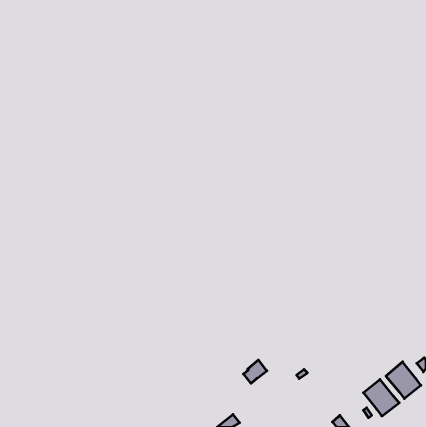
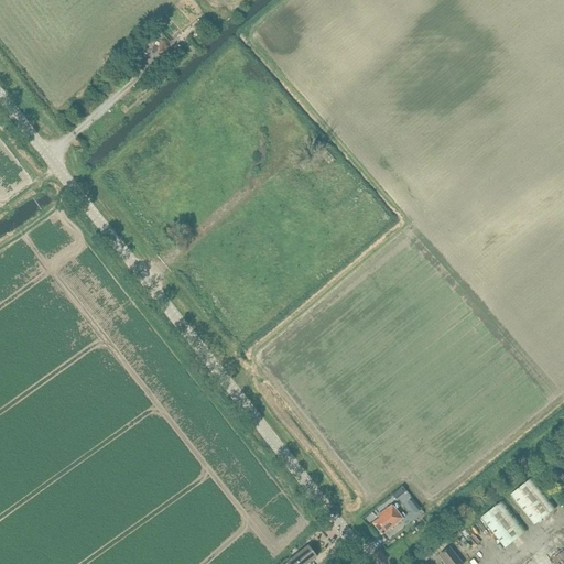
building: [243,360,267,383] -> [371,505,402,535]

